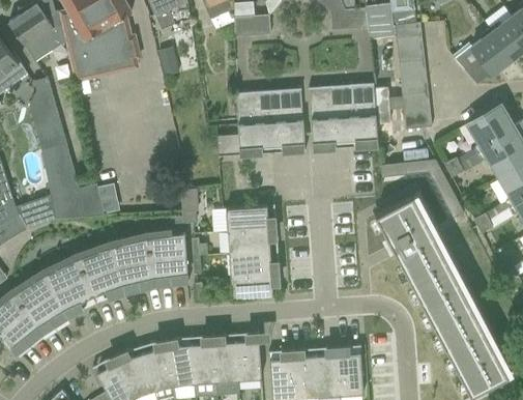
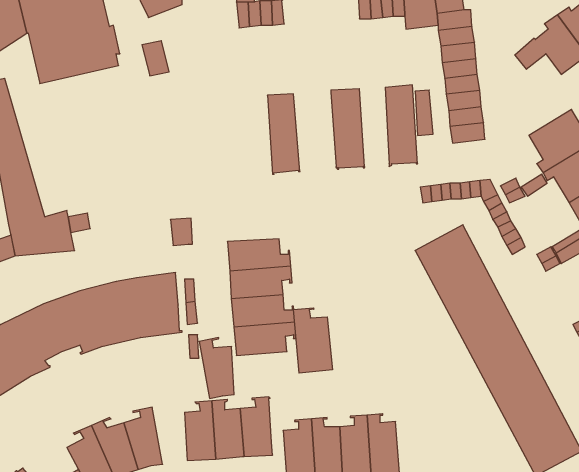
building: [331,84,355,147] -> none
building: [279,87,306,151] -> none
building: [217,90,262,156] -> none
building: none -> [294,308,332,373]
building: [166,337,194,385] -> [199,338,234,398]

